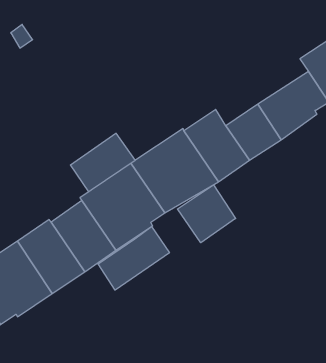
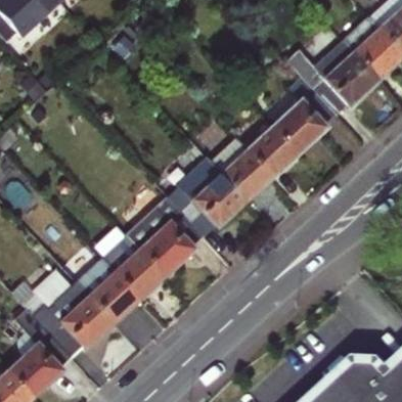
building: [70,133,135,192] -> none
building: [177,185,236,243] -> none
building: [98,227,169,290] -> none

